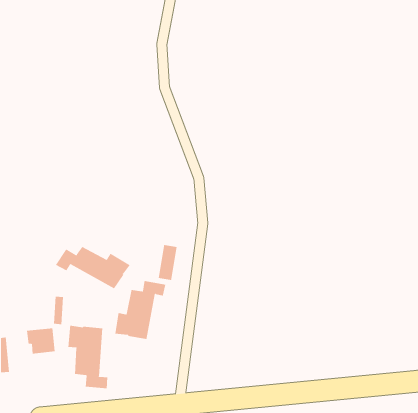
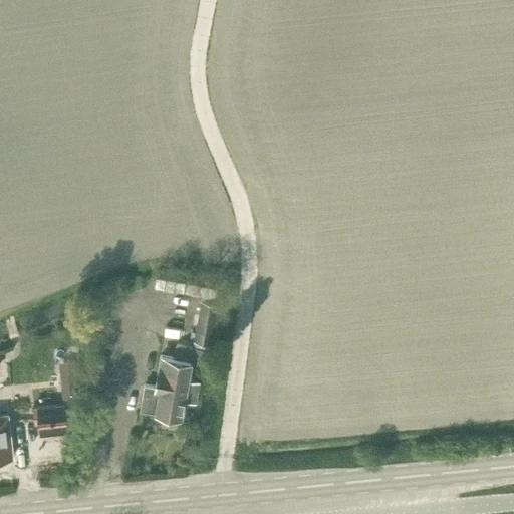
building: [55,246,131,289] -> none
building: [68,325,108,389] -> none

